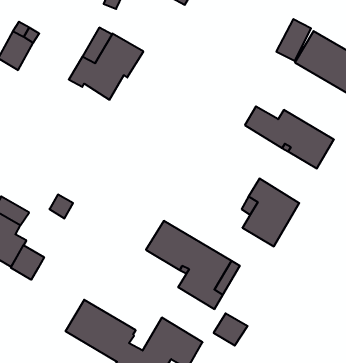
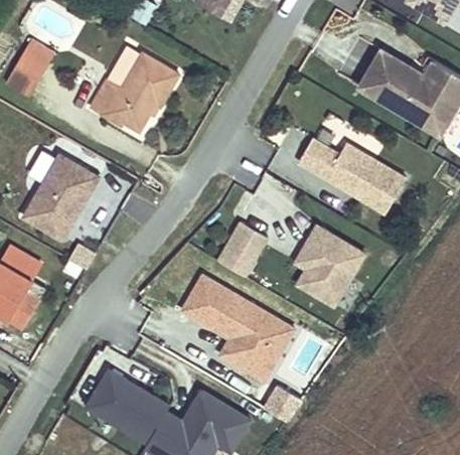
building: none -> [23,154,98,239]
building: none -> [217,221,267,276]
building: [11,245,44,280] -> none

